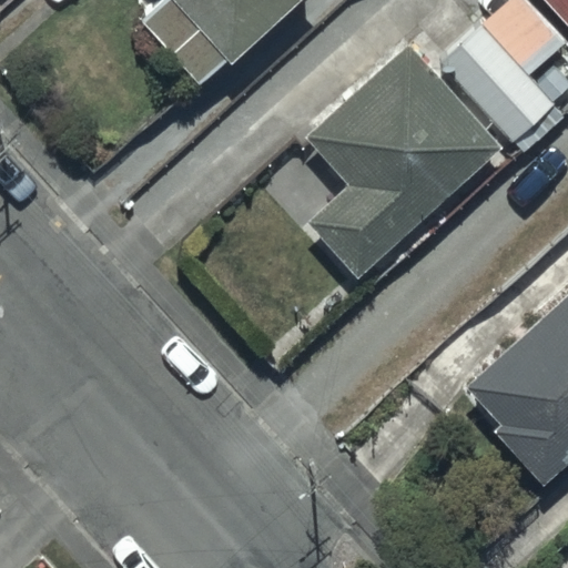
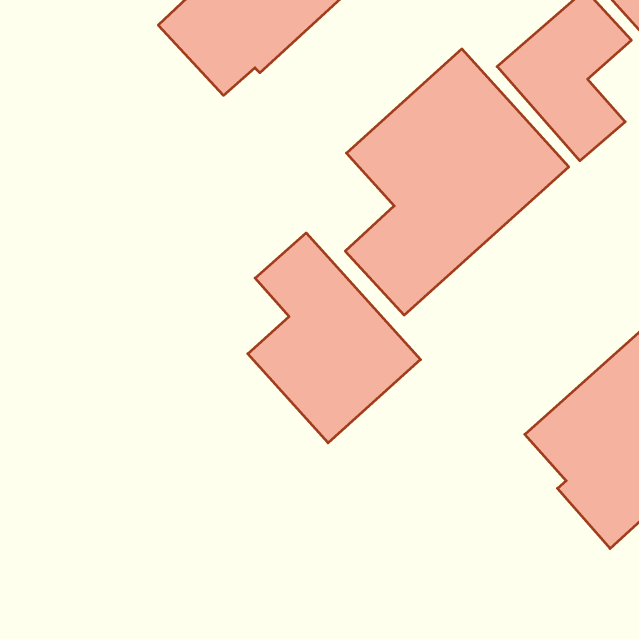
building: none -> [248,233,421,443]

